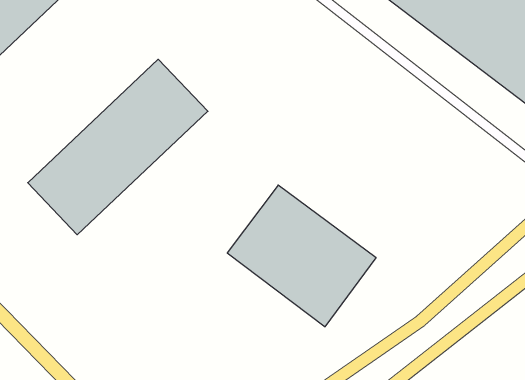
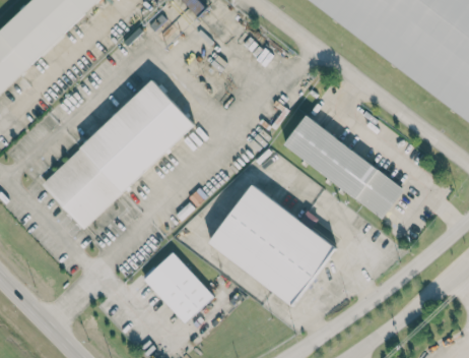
building: none -> [283,116,406,221]
building: none -> [145,254,213,322]

